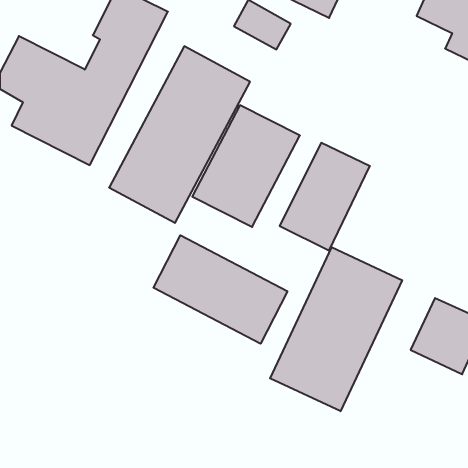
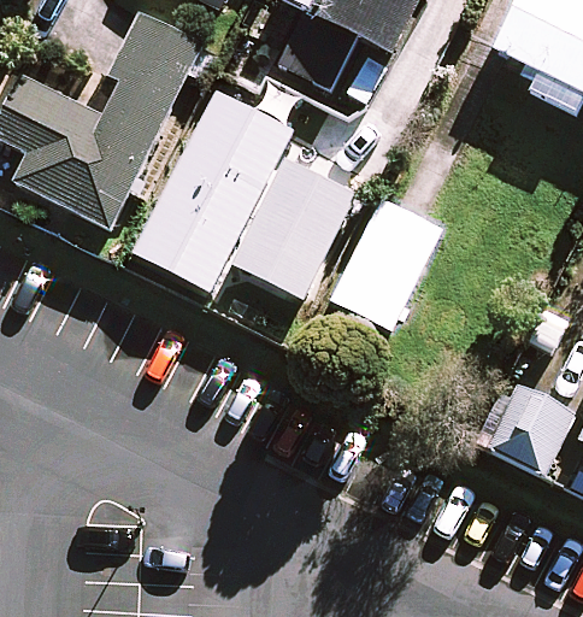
building: [153,235,287,344] -> none
building: [270,247,402,411] -> none

